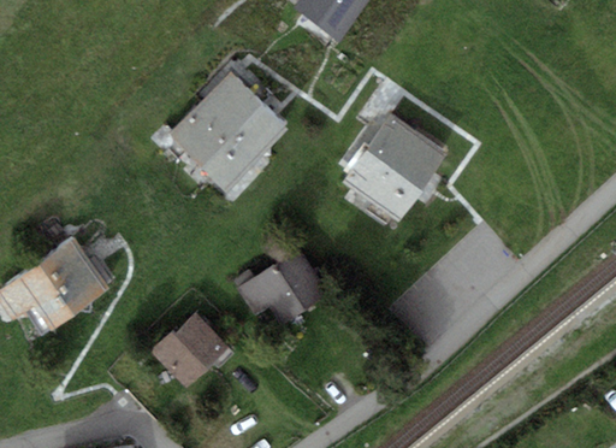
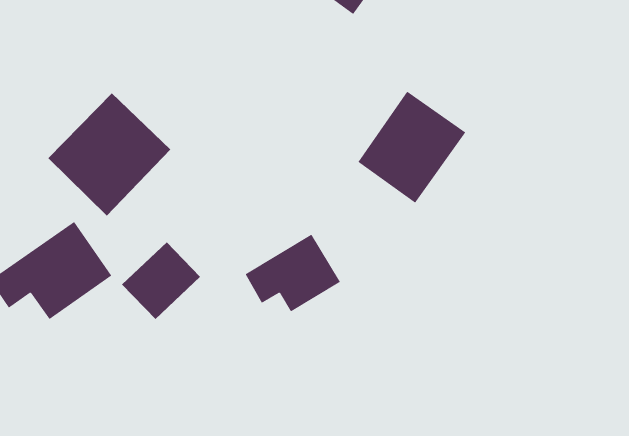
building: [170,72,288,190] -> [48,92,171,216]
building: [150,312,226,387] -> [121,242,201,320]

